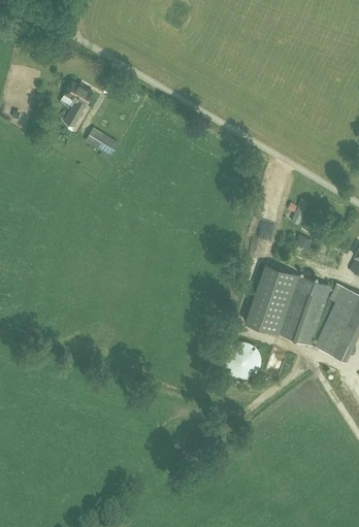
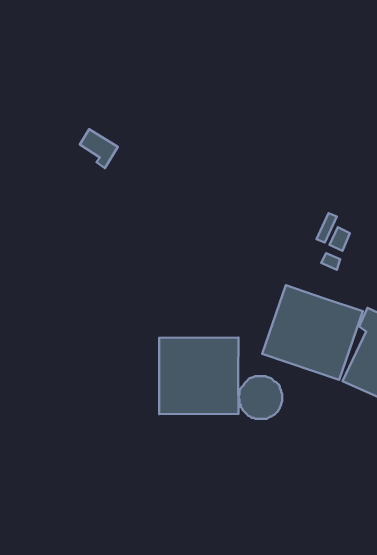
building: [64,81,93,127] -> none
building: none -> [159,337,239,414]

